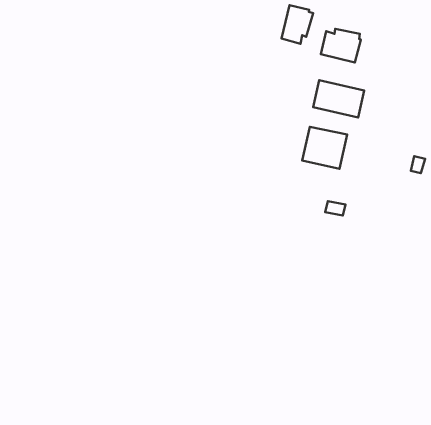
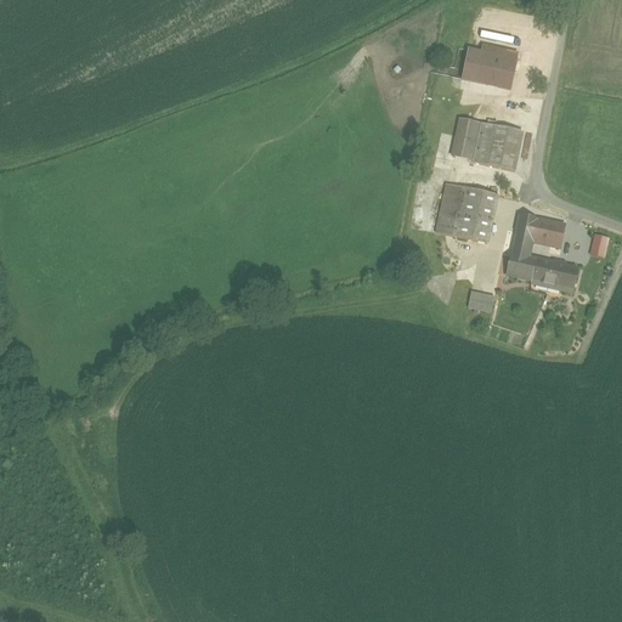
building: [281,5,313,44] -> none
building: none -> [504,210,581,292]

